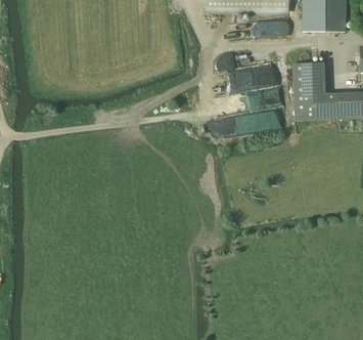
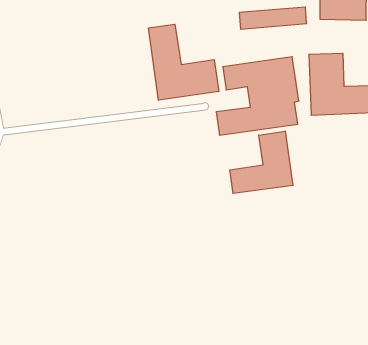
building: none -> [149,24,219,100]
building: none -> [230,131,293,194]

